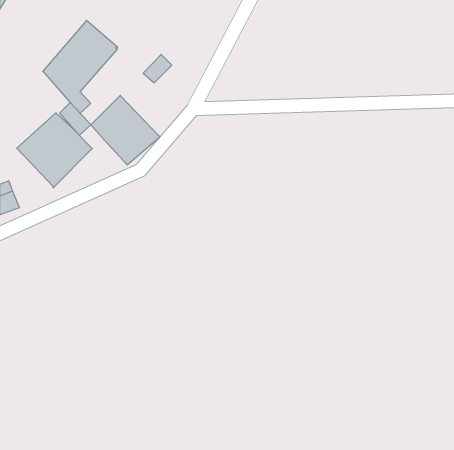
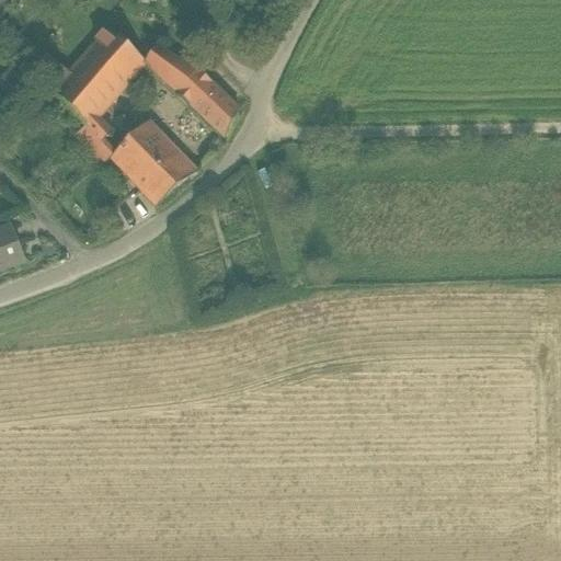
building: none -> [142,43,198,90]
building: none -> [190,80,238,134]
building: [17,113,92,188] -> none

